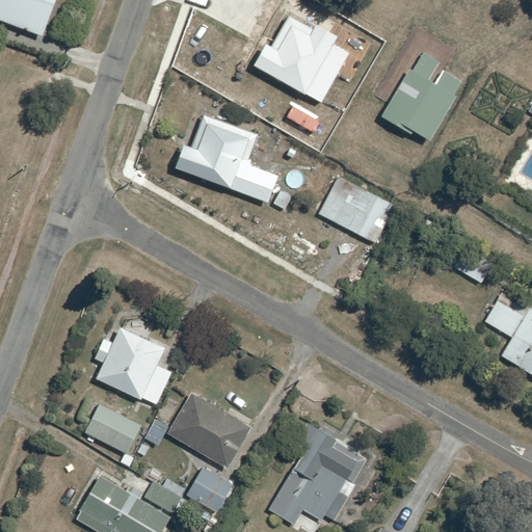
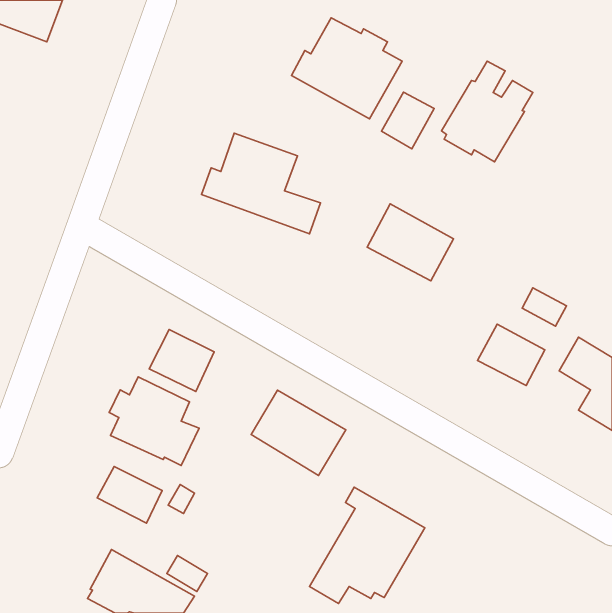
building: none -> [382,92,434,149]
building: none -> [478,324,545,385]
building: none -> [149,329,214,392]
building: [168,394,250,468] -> [251,390,346,475]
building: [187,467,232,510] -> none

